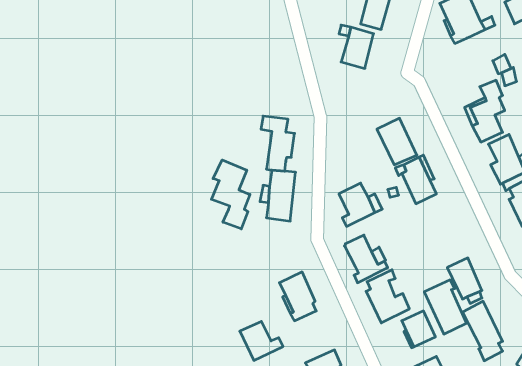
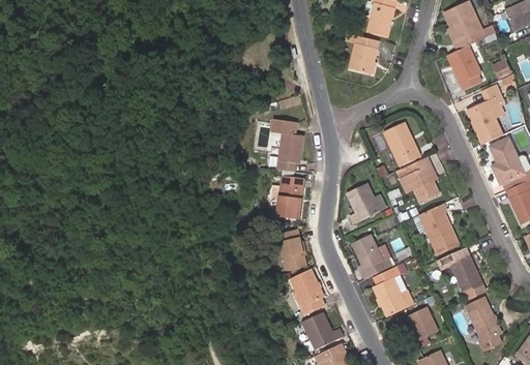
building: none -> [446,44,481,90]
building: [211,160,250,229] -> none
building: none -> [278,231,305,270]
building: [424,280,467,334] -> [418,203,459,254]
building: [240,321,283,360] -> [301,311,343,348]

